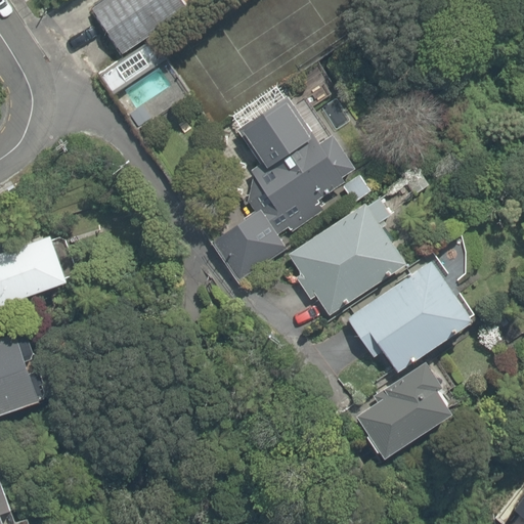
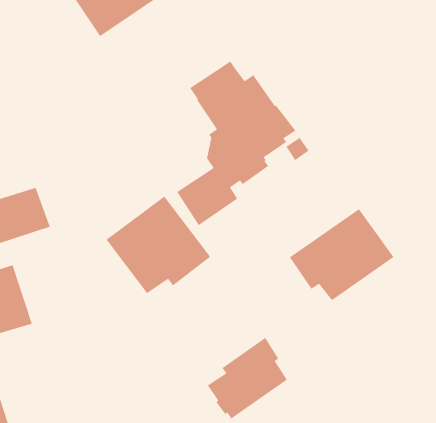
building: [289,196,406,316] -> none
building: none -> [105,196,211,294]
building: [356,359,452,457] -> [207,337,288,420]

